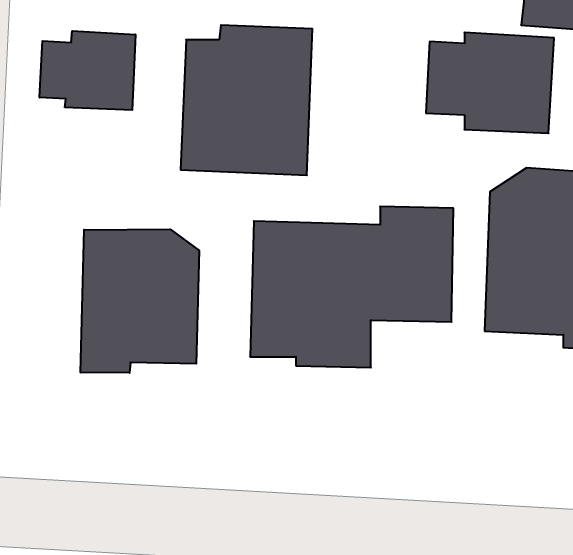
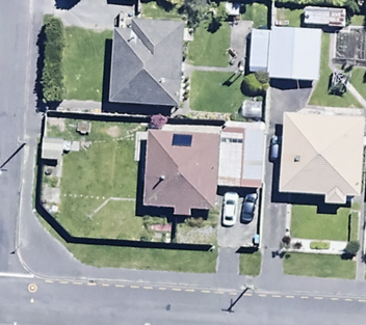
building: [40,31,135,110] -> none
building: [81,229,199,373] -> none

